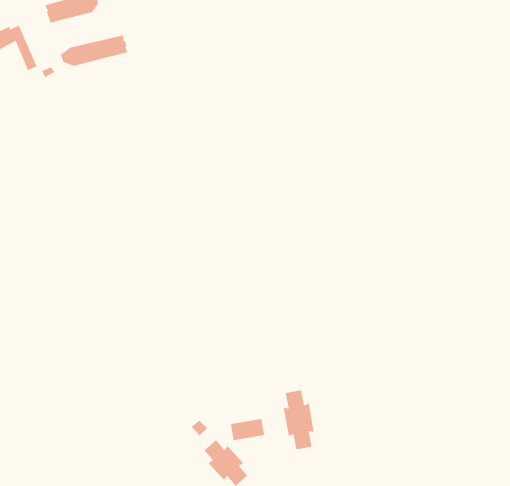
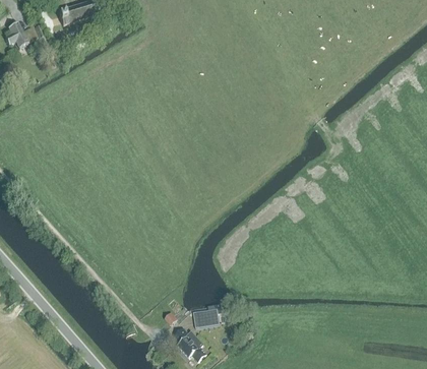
building: [60,34,128,67] -> none
building: [283,389,314,450] -> none

